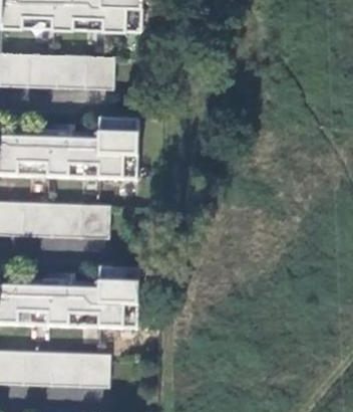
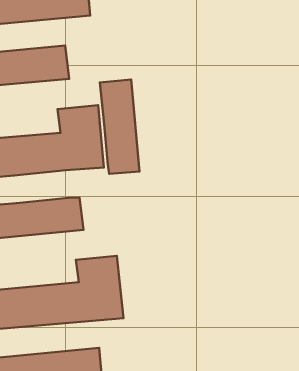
building: none -> [100,79,140,174]

